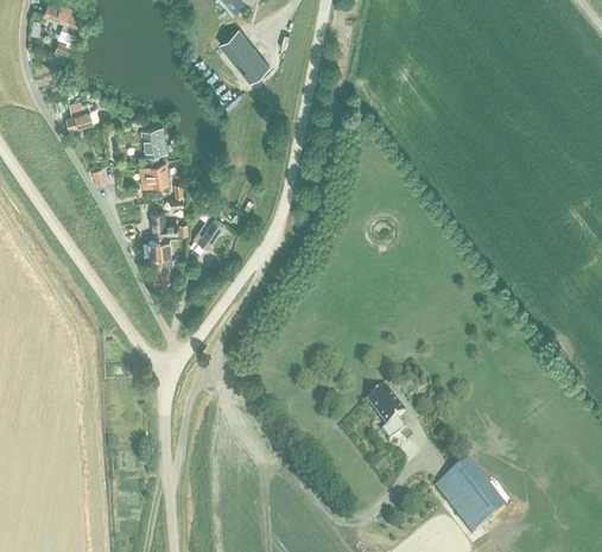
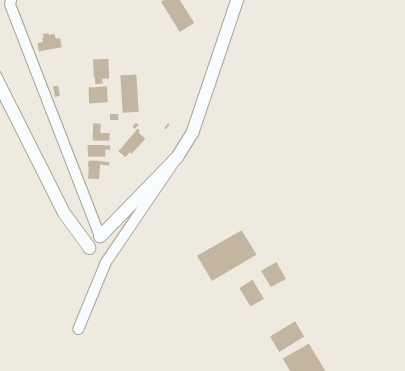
building: none -> [120,74,139,114]
building: none -> [196,229,258,282]
building: none -> [260,261,287,288]
building: none -> [269,320,306,353]

